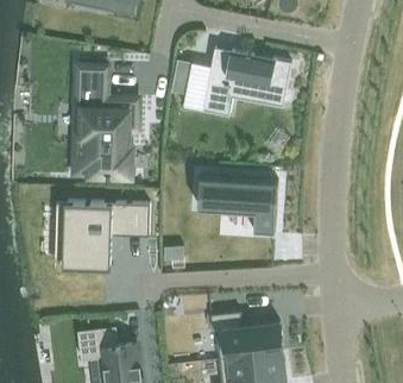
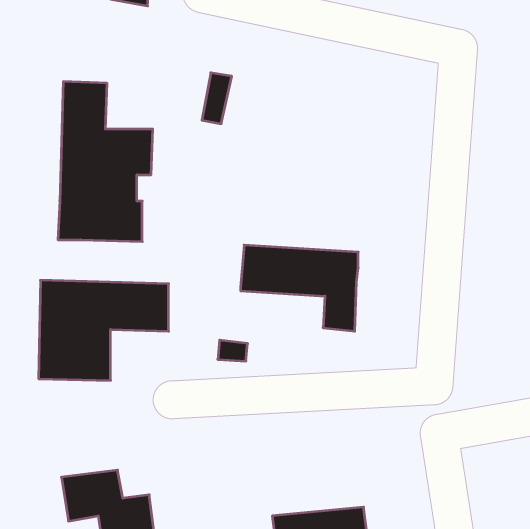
building: [202,51,291,117] -> none
building: [209,312,283,360] -> none

